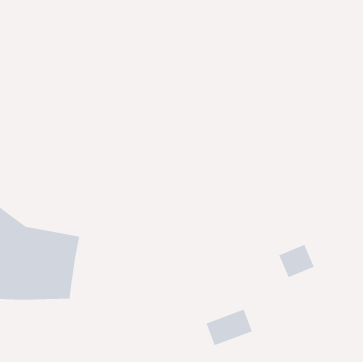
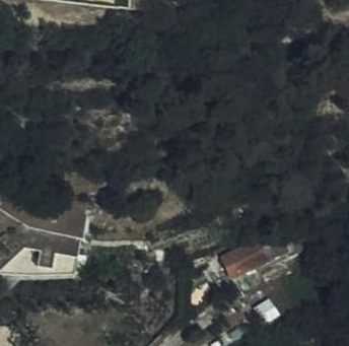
building: [205,309,253,346] -> [223,245,267,279]

